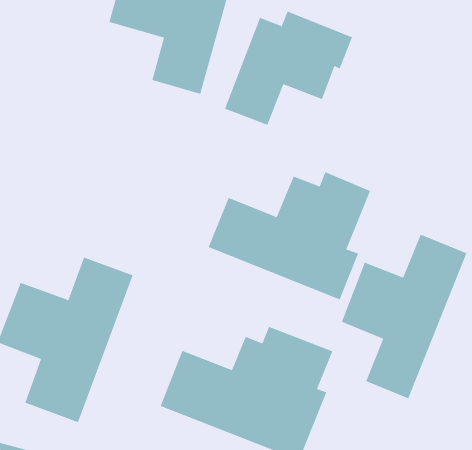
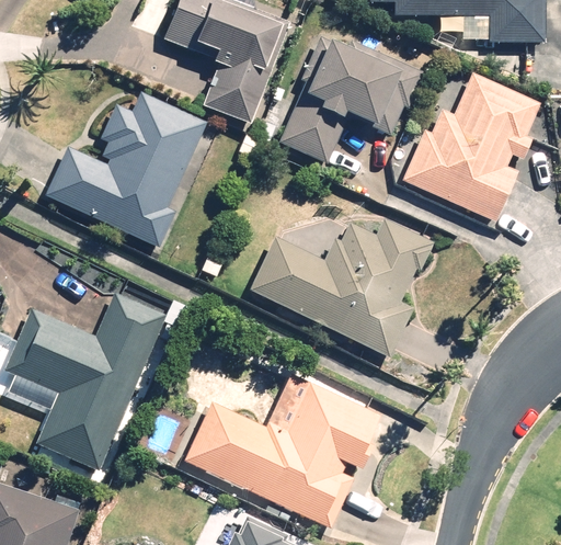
building: none -> [402,71,541,219]
building: none -> [43,94,206,248]
building: [341,234,467,399] -> none

